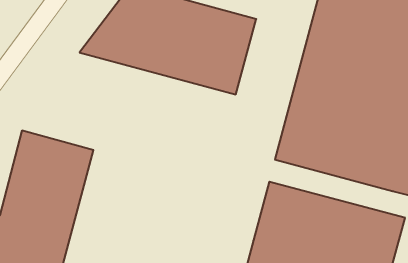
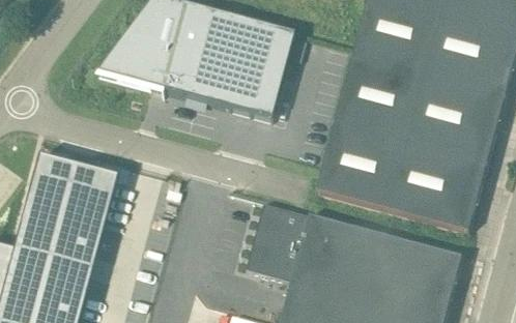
building: none -> [246,200,310,277]

